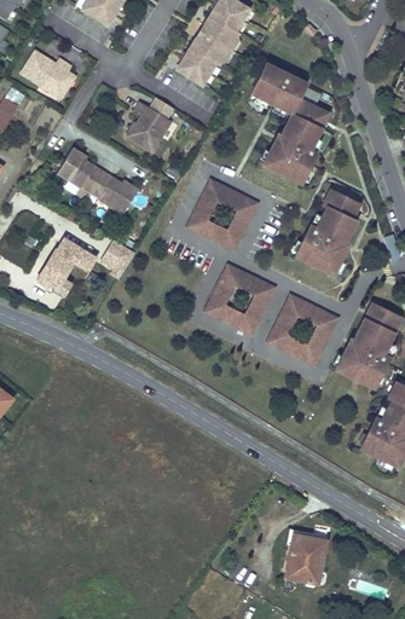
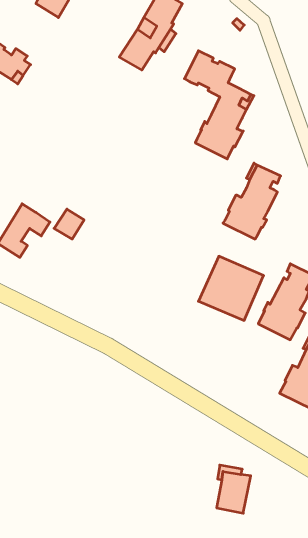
building: [126,100,172,151] -> none
building: [58,147,139,213] -> none
building: [186,178,260,251] -> none
building: [203,262,278,336] -> none

